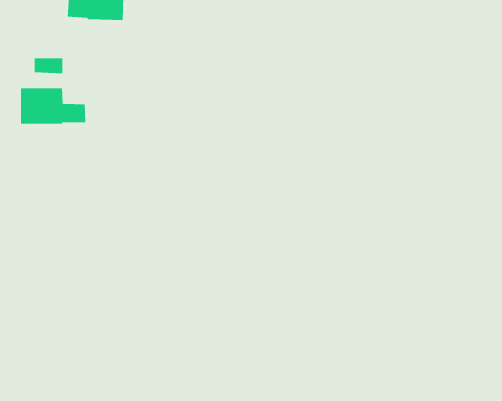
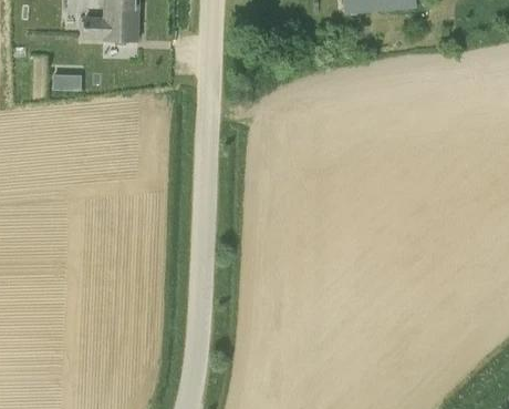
building: [20,88,86,124] -> none

